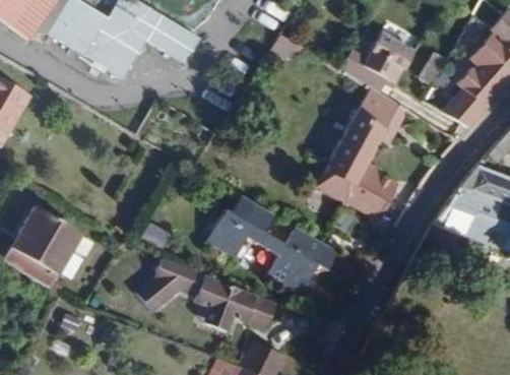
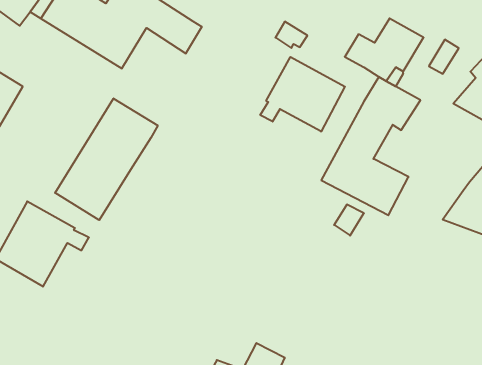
building: none -> [260,57,345,132]
building: none -> [55,98,158,220]
building: [205,196,338,297] -> none
building: [136,262,271,329] -> none

